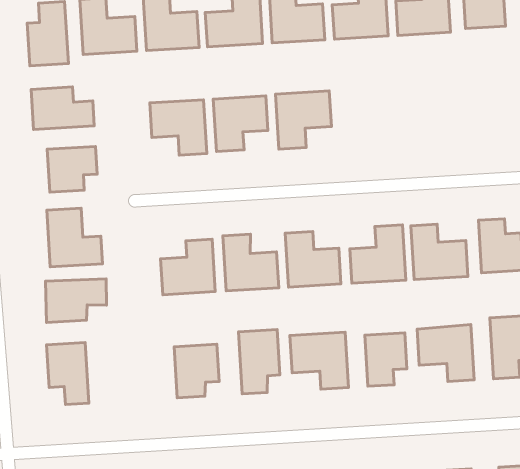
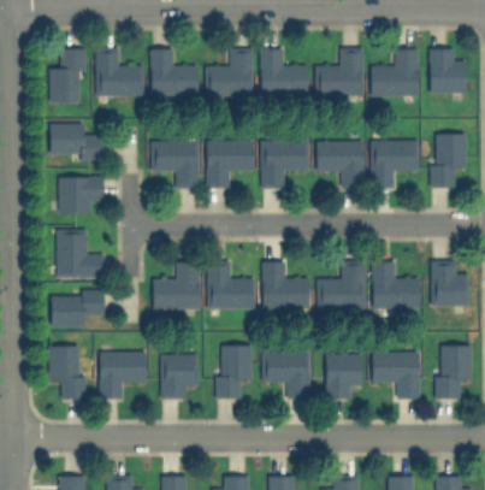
building: none -> [432,134,466,189]
building: none -> [372,141,419,188]
building: none -> [318,141,365,188]
building: none -> [101,352,147,400]

